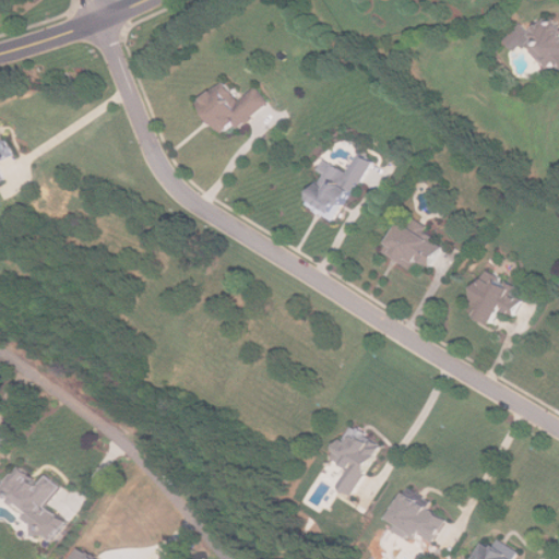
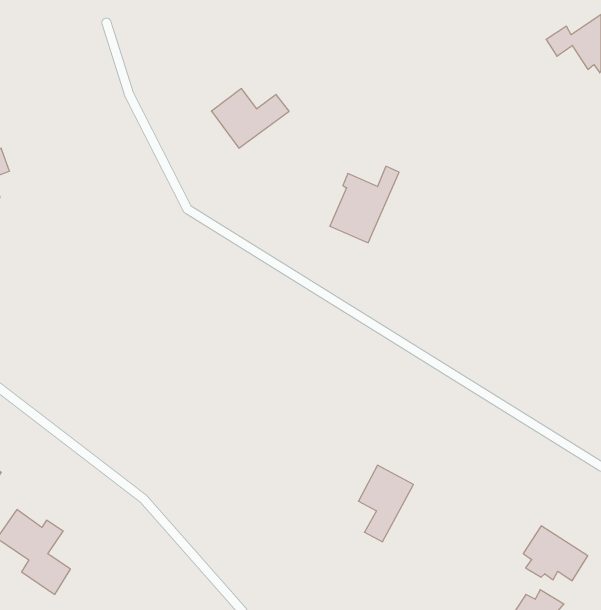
building: [379,222,440,270] -> none
building: [465,271,520,324] -> none
building: [385,492,444,543] -> [523,526,588,581]

